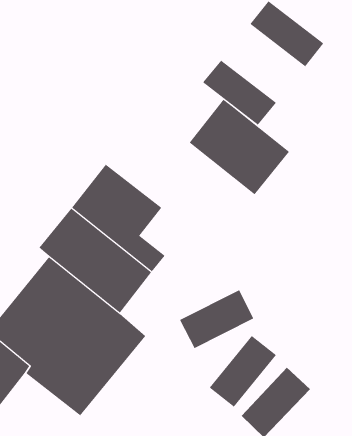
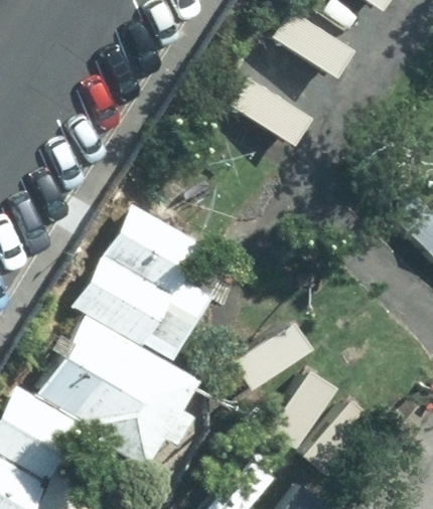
building: [189,99,290,195] -> none

